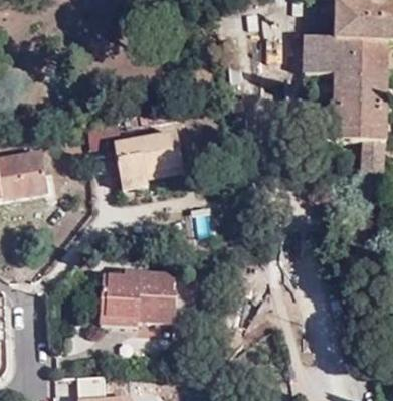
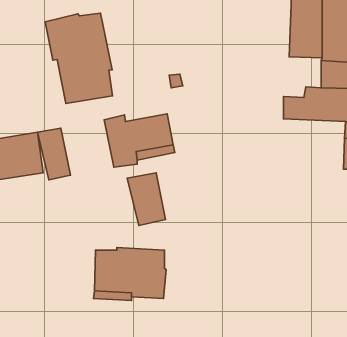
building: none -> [45,13,112,103]
building: none -> [38,128,70,180]
building: none -> [127,173,166,226]

